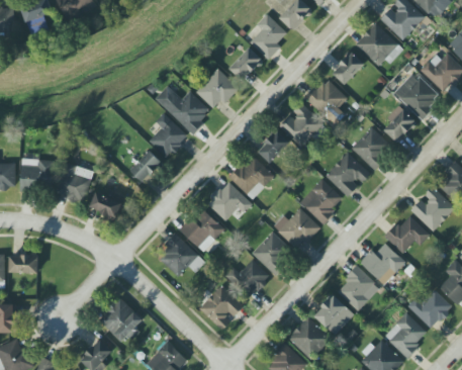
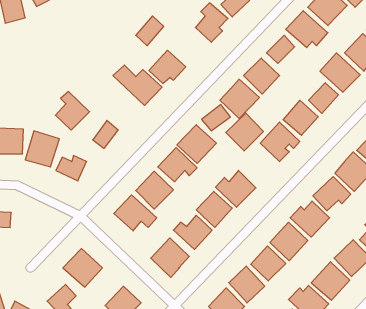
building: [229,47,262,81] -> [136,16,164,46]
building: [149,113,188,158] -> [55,92,90,130]
building: [299,179,343,222] -> [226,113,263,151]

